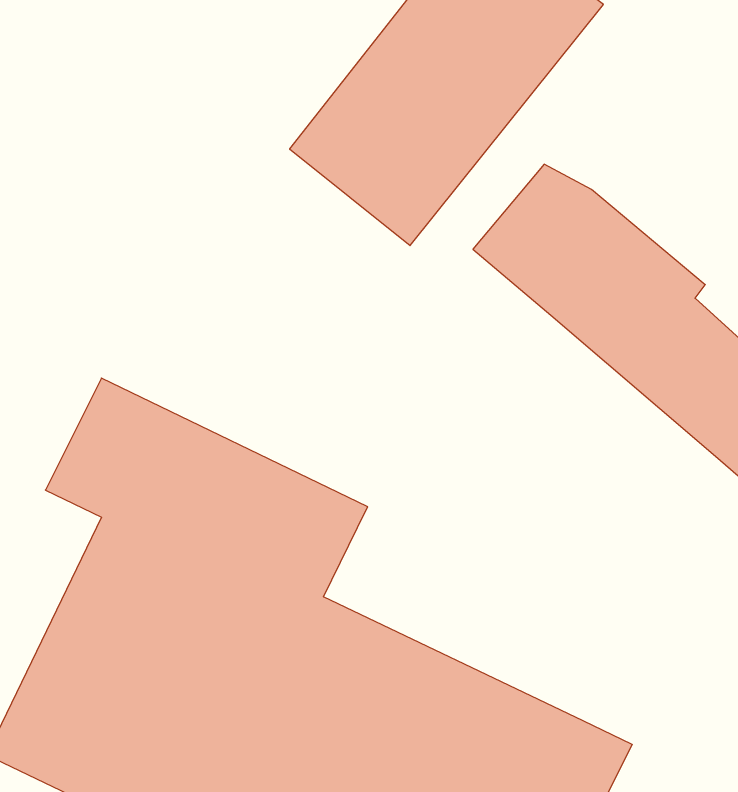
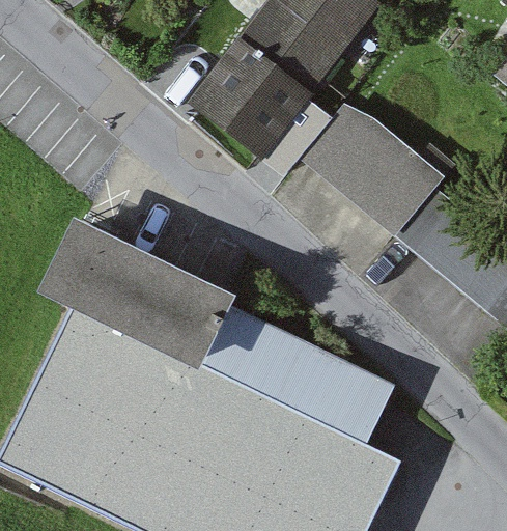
building: none -> [209,313,394,442]

